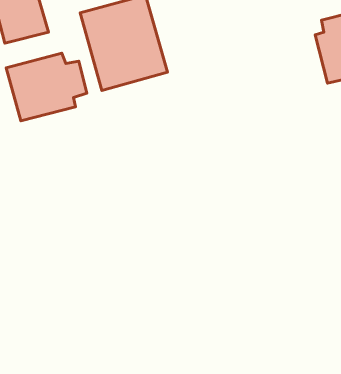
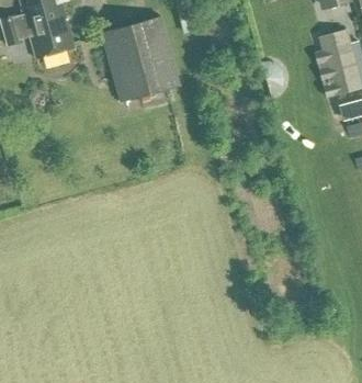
building: [6,53,87,121] -> none

